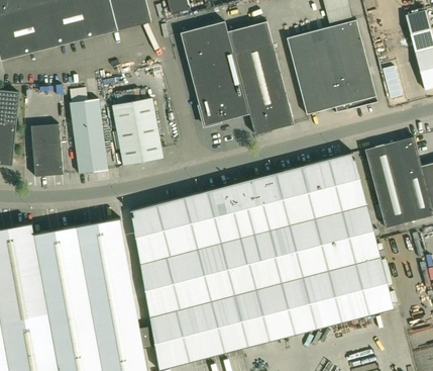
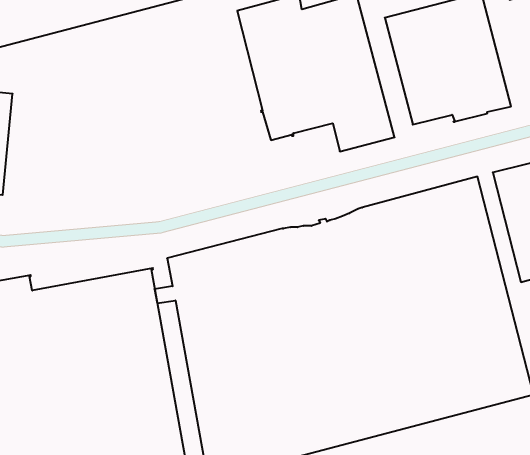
building: [112,96,164,164] -> none
building: [70,98,108,173] -> none
building: [31,123,63,176] -> none

